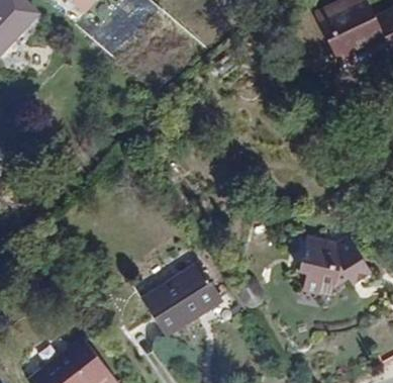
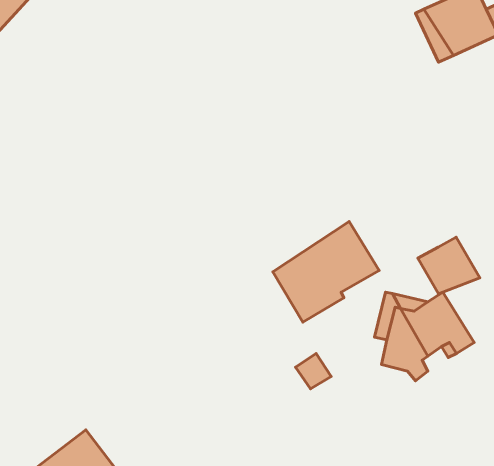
building: none -> [418,237,480,294]
building: [142,260,221,334] -> [273,222,379,322]

